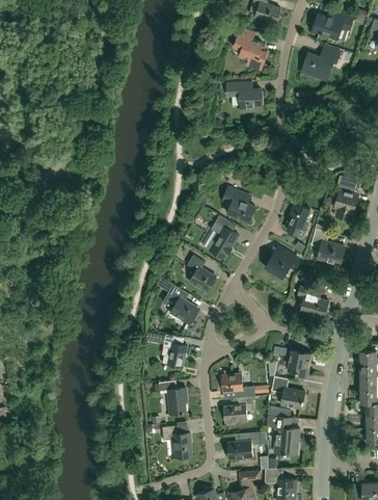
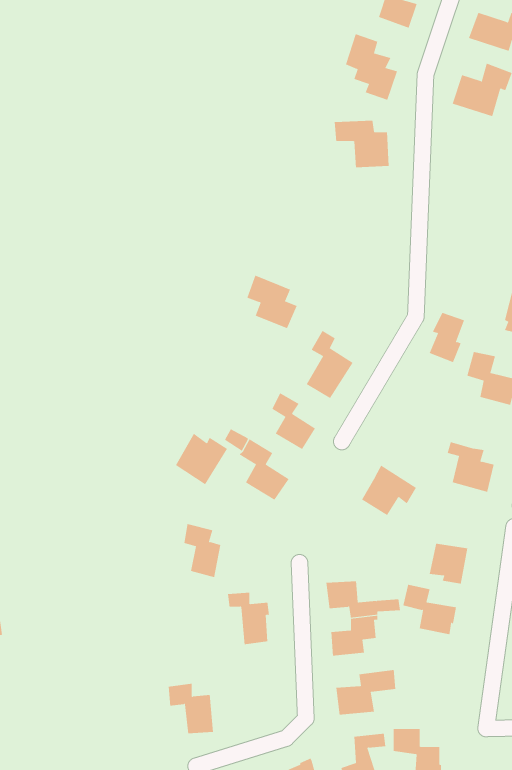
building: [222,187,254,221] -> [247,275,297,329]
building: [265,245,300,278] -> [361,465,417,516]
building: none -> [175,433,228,485]
building: [163,334,187,368] -> [184,524,221,578]
building: [268,416,298,454] -> none
building: [162,425,191,457] -> [168,683,214,734]

